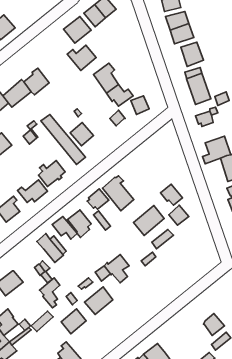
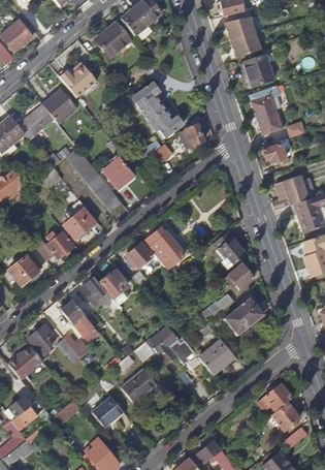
building: [67,45,96,70] -> [60,65,97,97]
building: [134,205,164,235] -> [224,297,263,336]
building: none -> [199,340,235,375]
building: [40,278,60,308] -> [27,323,53,362]
building: none -> [258,383,293,411]

